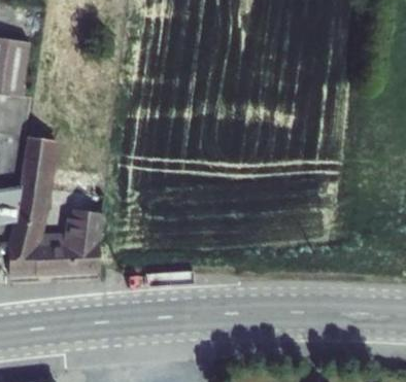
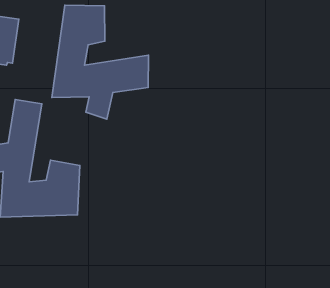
building: none -> [52,5,149,119]

